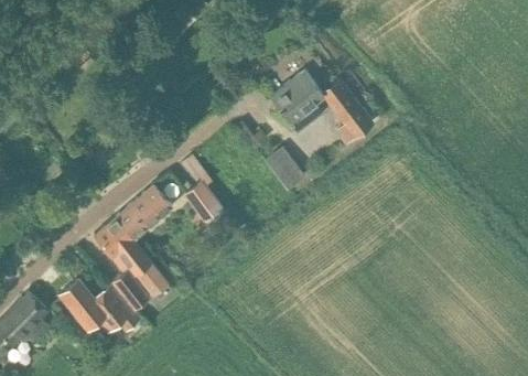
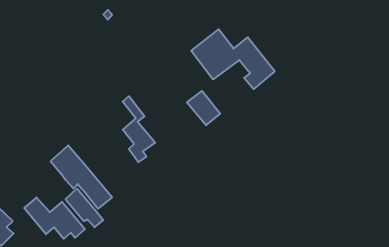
building: [115,184,172,239] -> none

